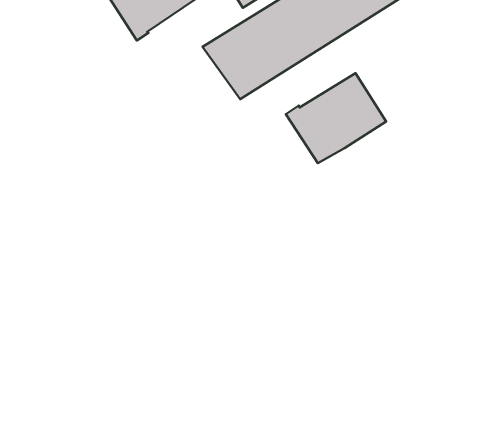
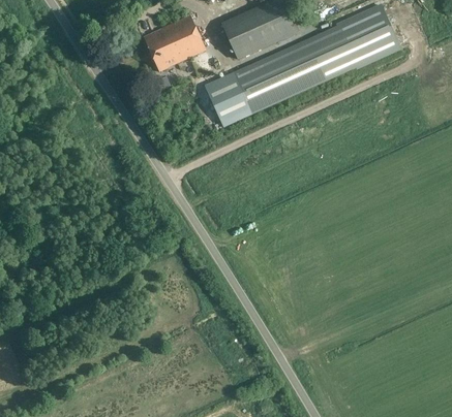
building: [286,73,386,163] -> none

